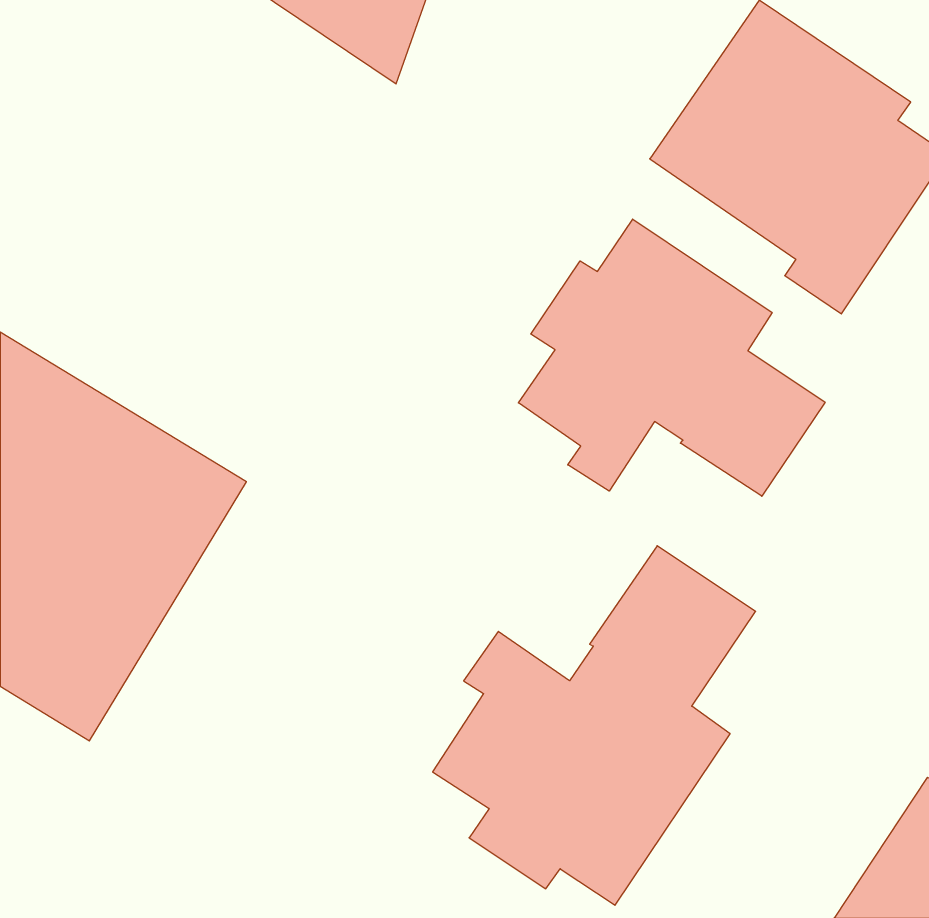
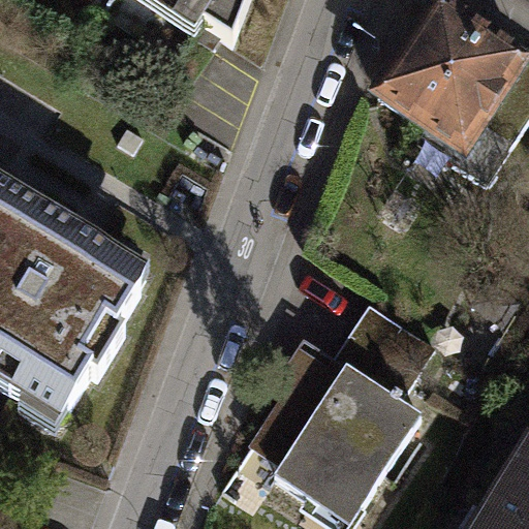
building: [518,219,825,496] -> none

